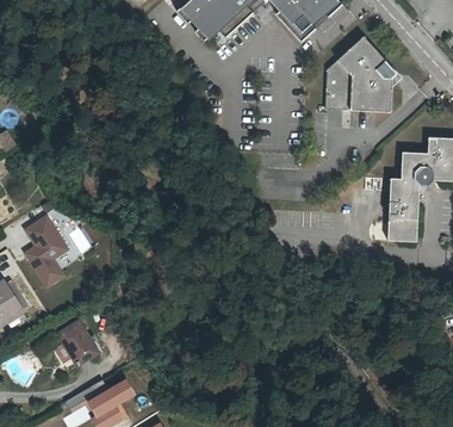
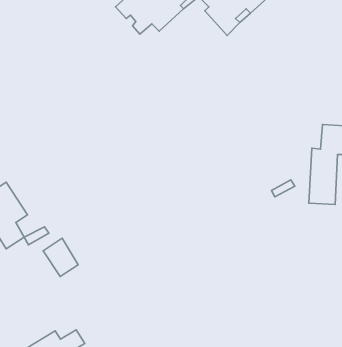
building: [325,35,397,110] -> none
building: [57,322,97,365] -> [43,238,78,276]

